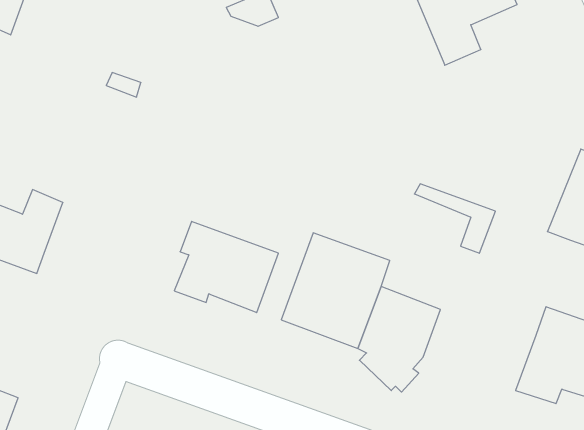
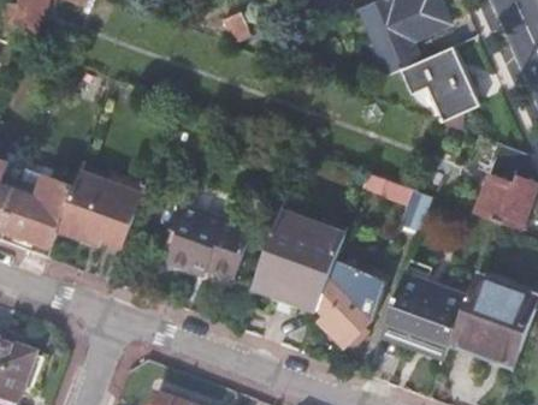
building: none -> [401,47,480,123]
building: none -> [57,171,142,249]
building: none -> [384,266,466,356]

